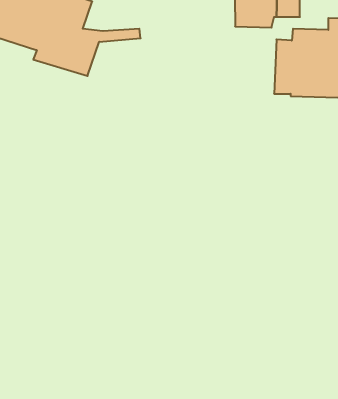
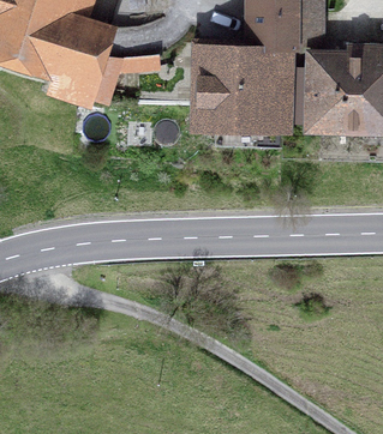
building: none -> [192,44,293,125]

